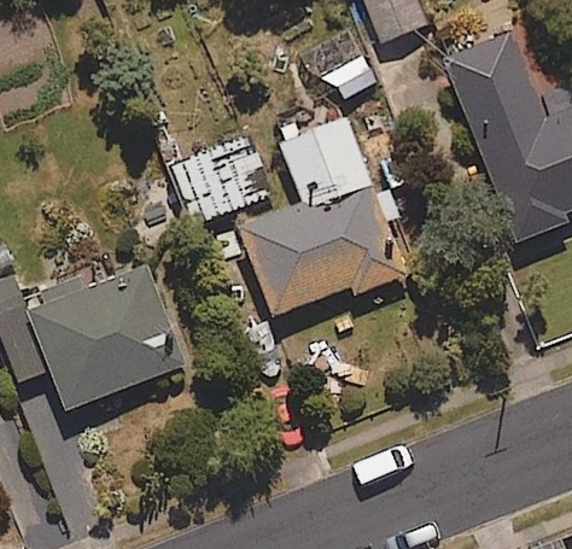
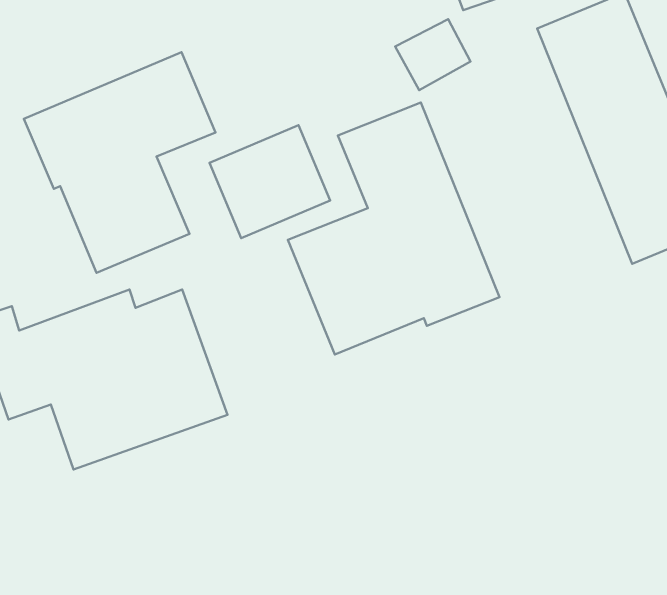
building: none -> [24,52,216,273]

